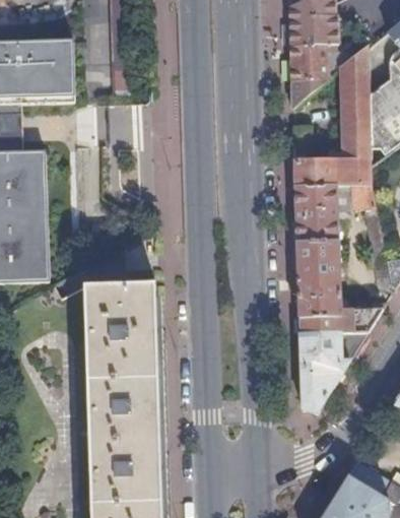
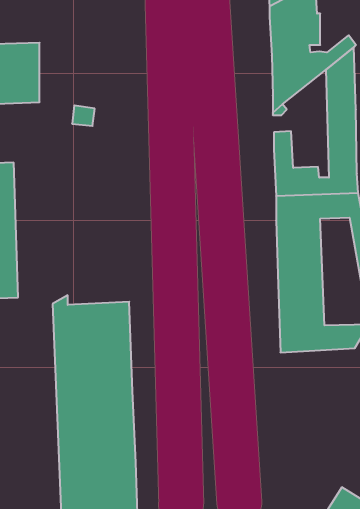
building: [297,328,368,410] -> none

